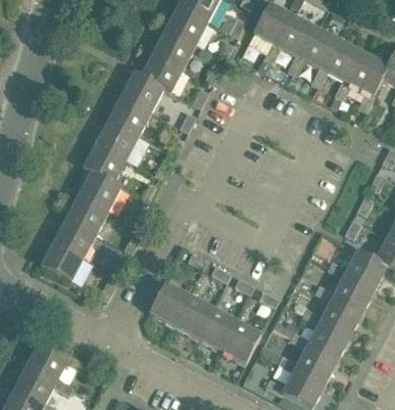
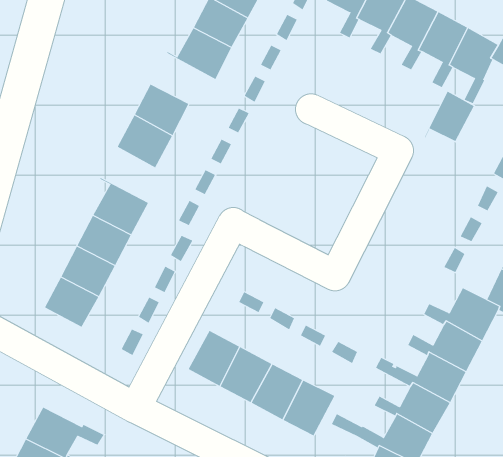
building: [121,71,171,109] -> none
building: none -> [424,91,475,142]
building: [84,142,126,185] -> none

